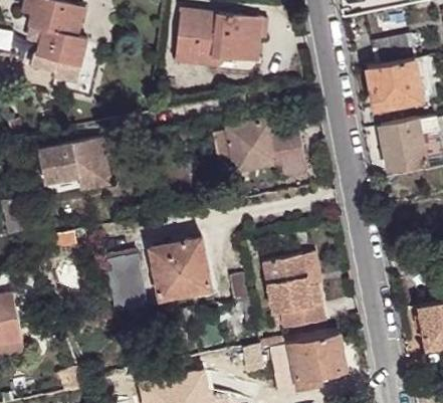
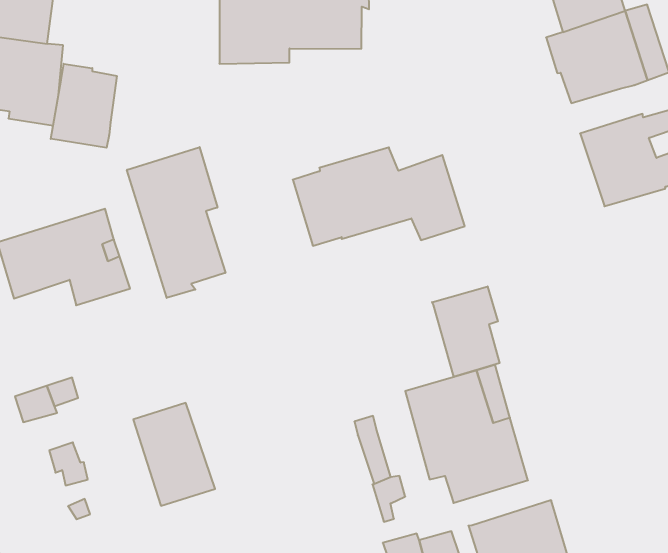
building: none -> [51,64,117,148]
building: none -> [127,147,225,298]
building: none -> [432,286,500,377]
building: [150,237,211,299] -> none

